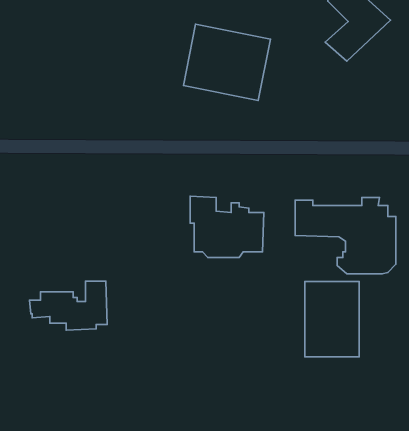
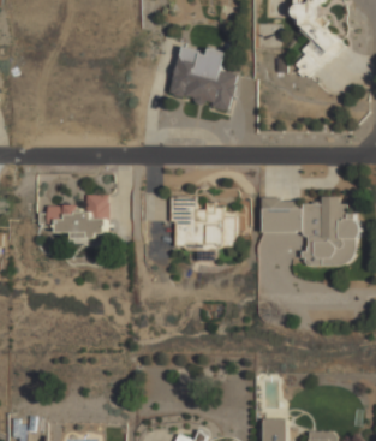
building: [30,281,107,330] -> [38,195,107,238]
building: [305,282,359,357] -> none

